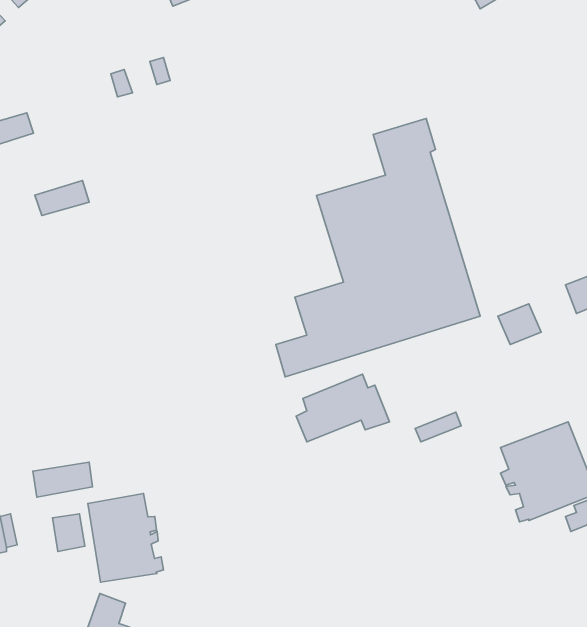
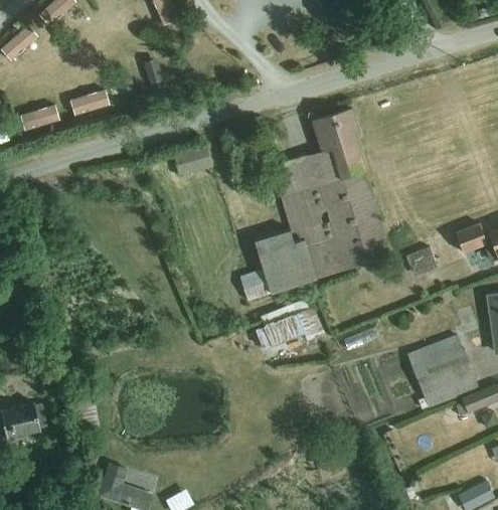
building: none -> [174,146,213,176]
building: [35,180,89,216] -> [70,89,111,115]
building: [33,462,92,497] -> none
building: [88,493,164,582] -> none

